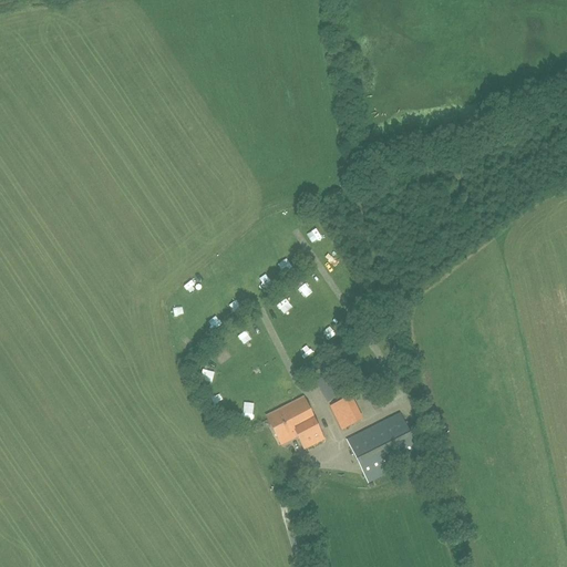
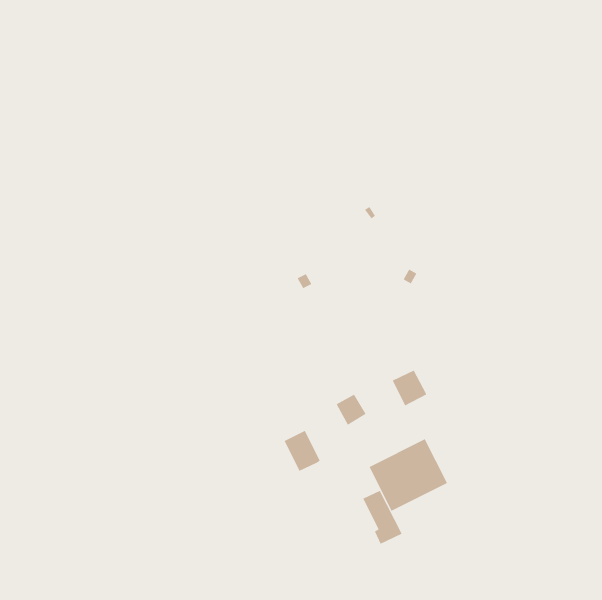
building: [330,394,363,429] -> [392,370,427,406]
building: [287,396,324,447] -> [362,490,402,544]

